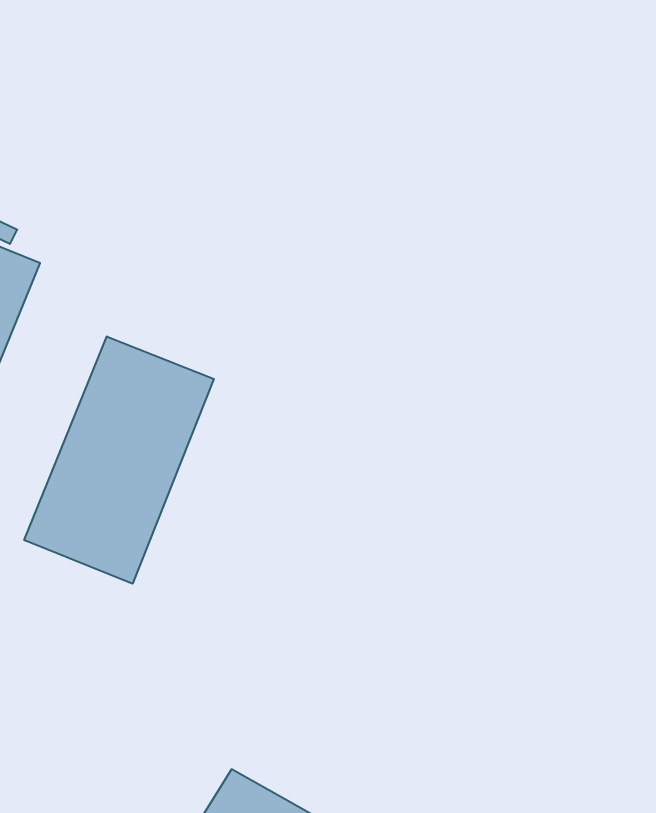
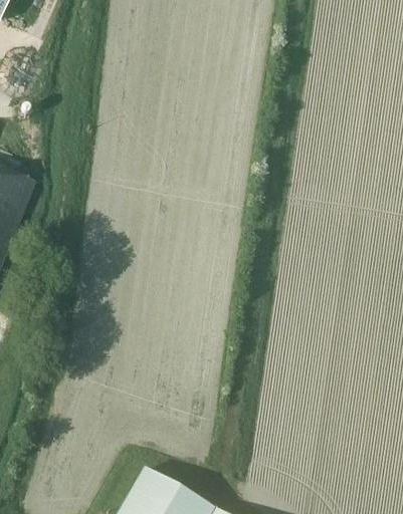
building: [24,336,214,584] -> none

